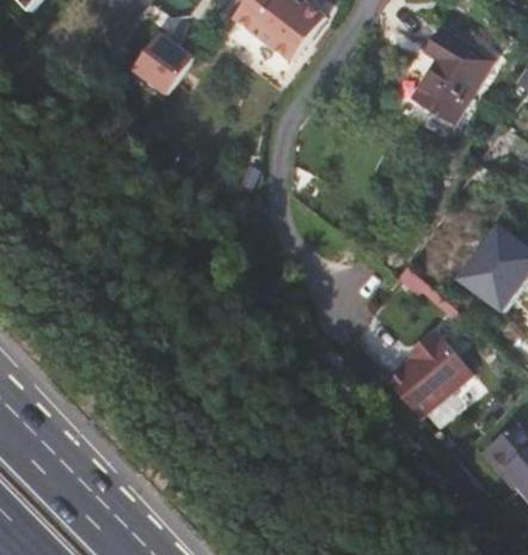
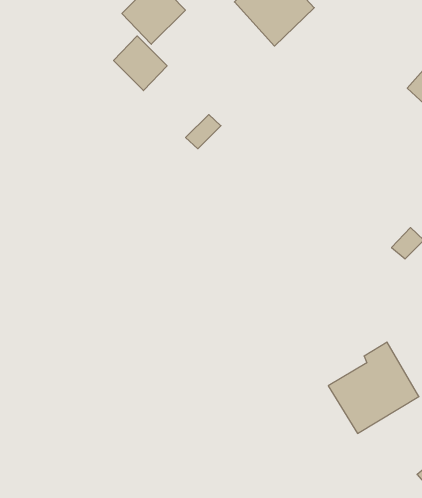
building: none -> [114,36,167,91]

